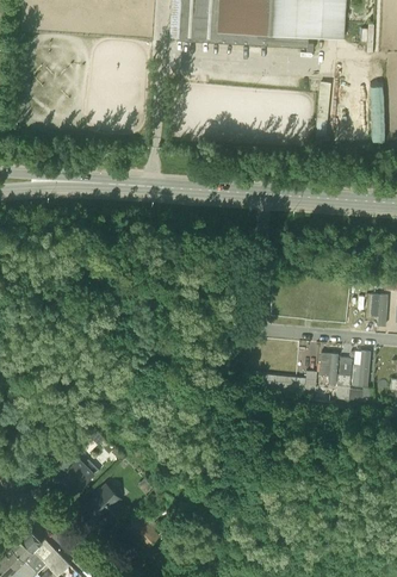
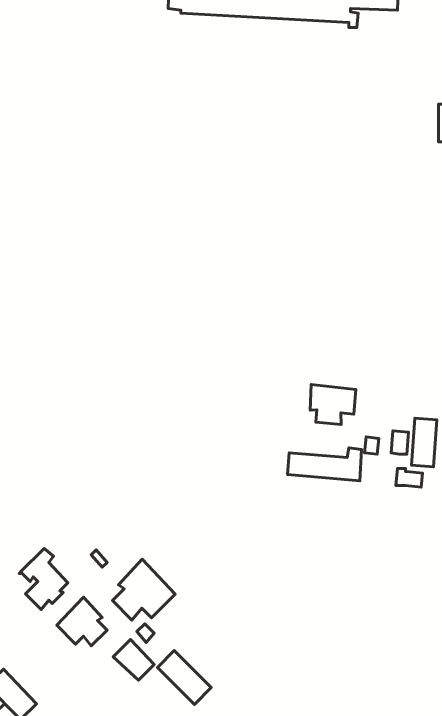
building: none -> [310,385,356,424]
building: none -> [112,559,175,620]
building: none -> [157,651,211,704]

